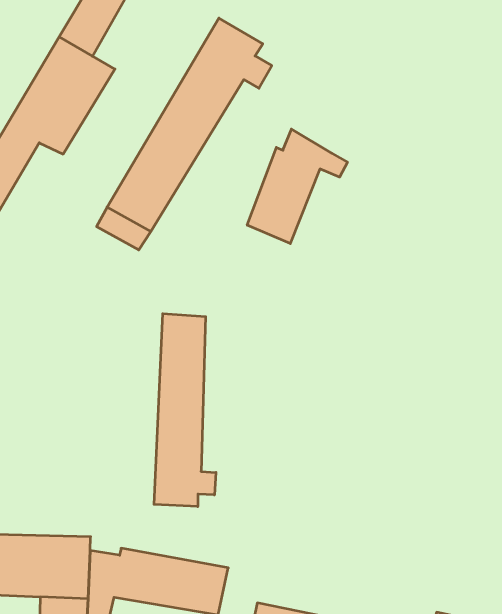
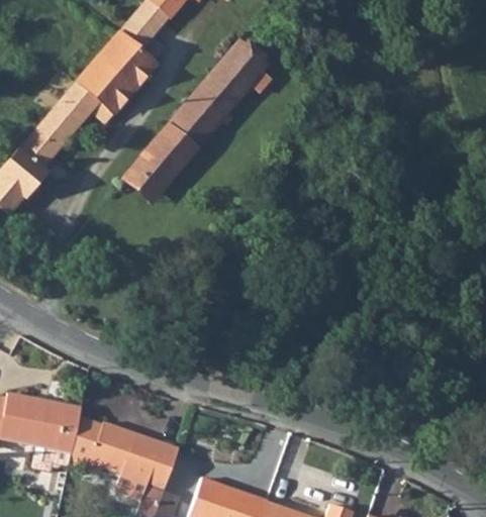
building: [247,129,347,244] -> none
building: [154,314,216,507] -> none

